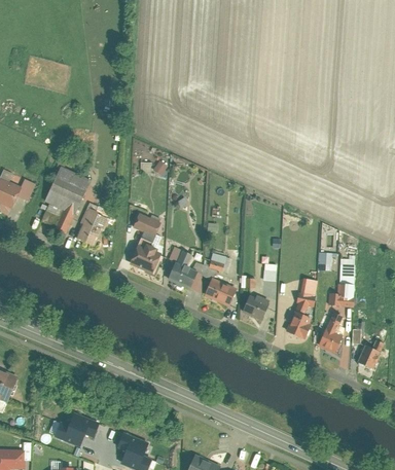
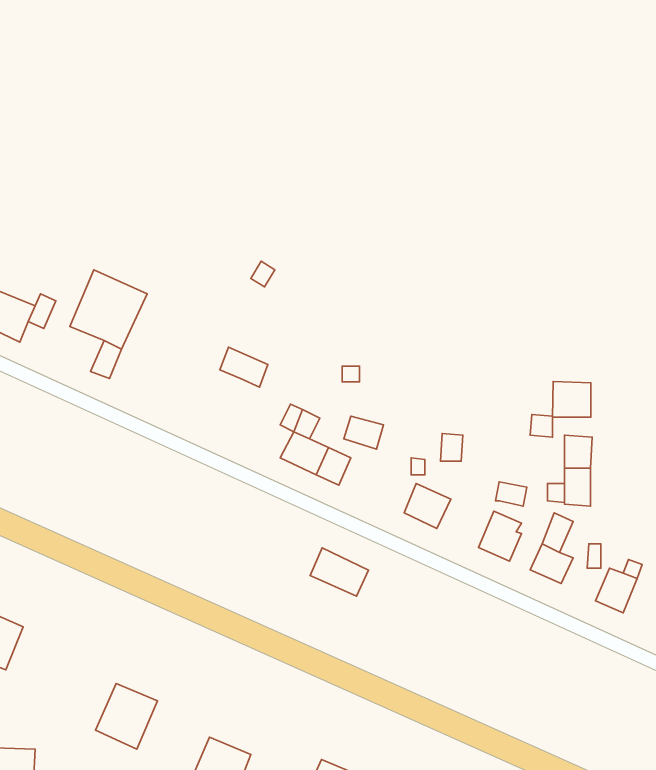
building: [77,208,109,245] -> none
building: [131,229,163,275] -> none
building: none -> [553,381,591,417]
building: [204,277,239,305] -> [310,548,369,596]

